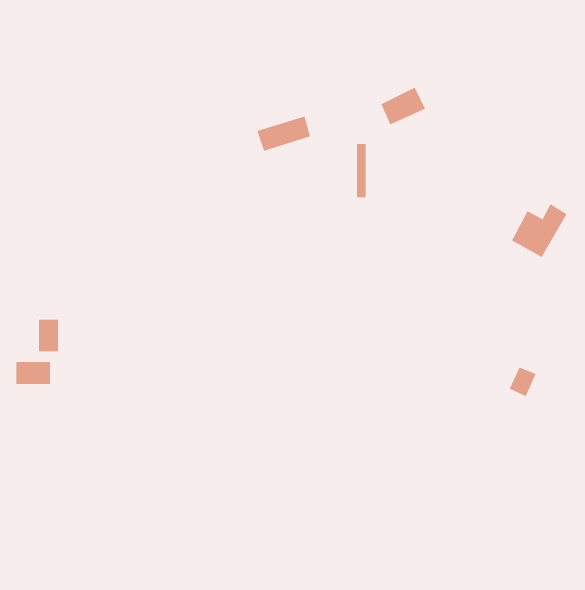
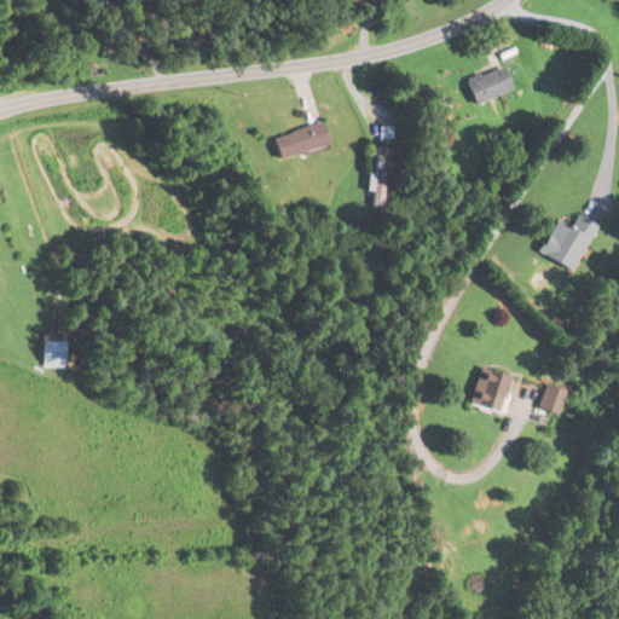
building: [381,87,426,125] -> [468,64,515,104]
building: none -> [468,365,513,415]
building: [16,361,51,385] -> none

